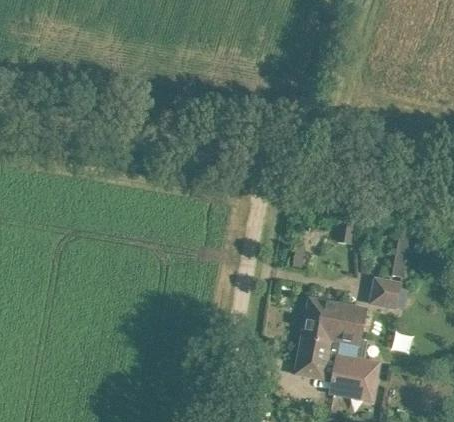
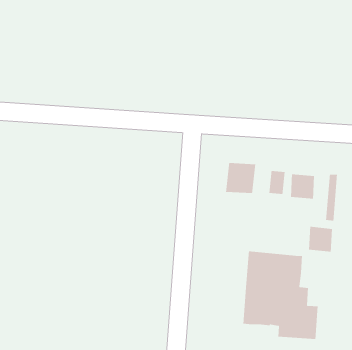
building: none -> [225,162,256,194]
building: none -> [290,174,315,199]

